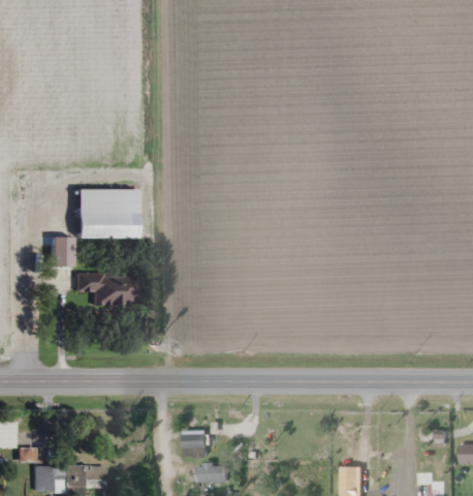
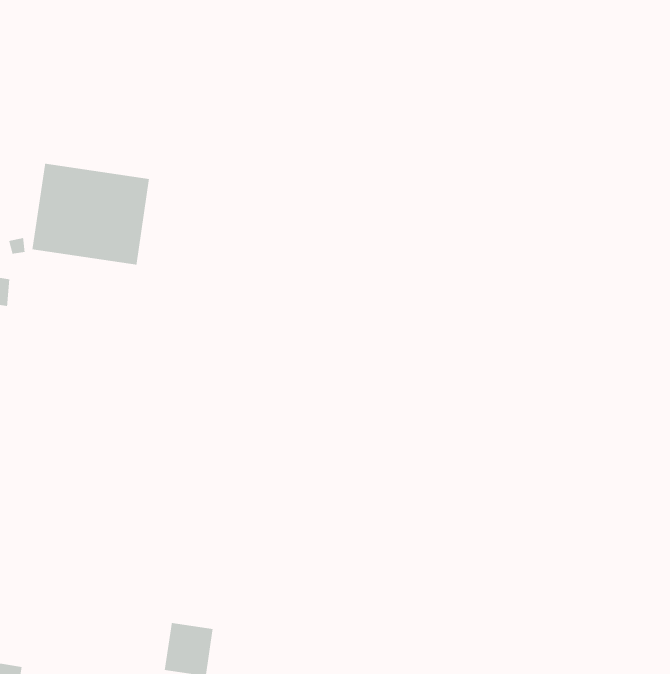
building: [77,274,135,306] -> none

